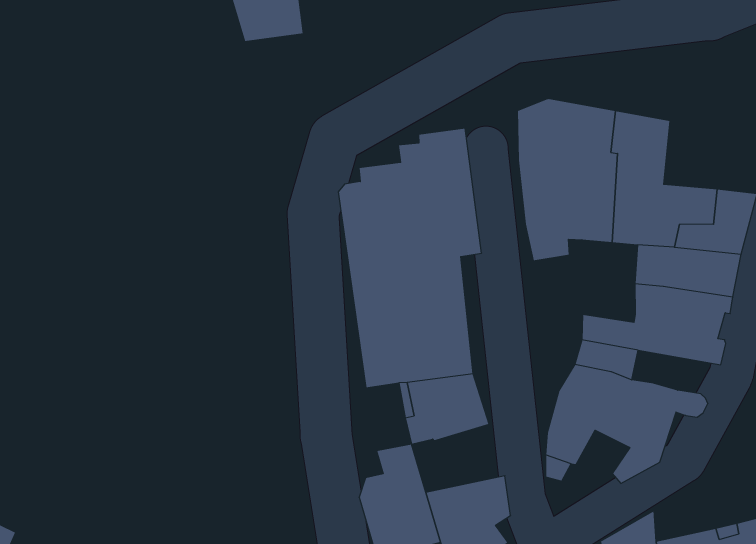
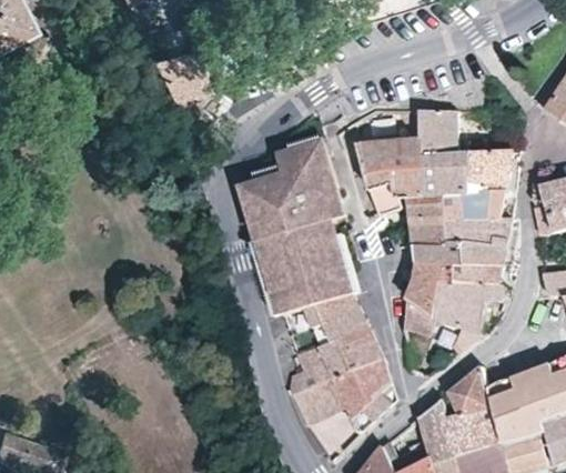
building: none -> [407,193,449,244]
building: none -> [454,262,511,290]
building: none -> [316,325,381,376]

